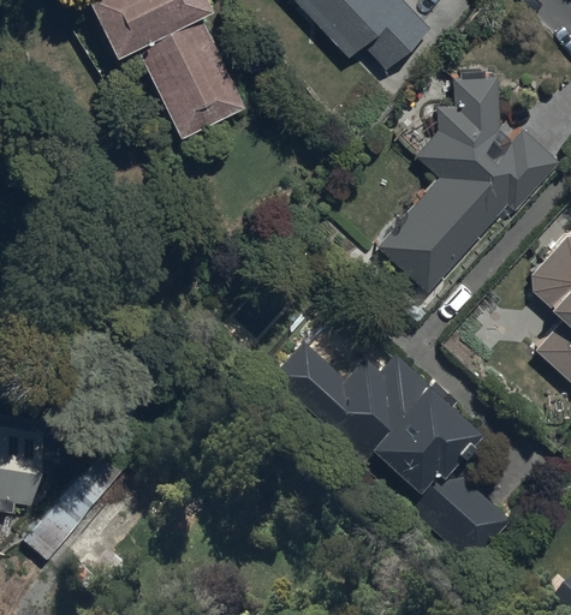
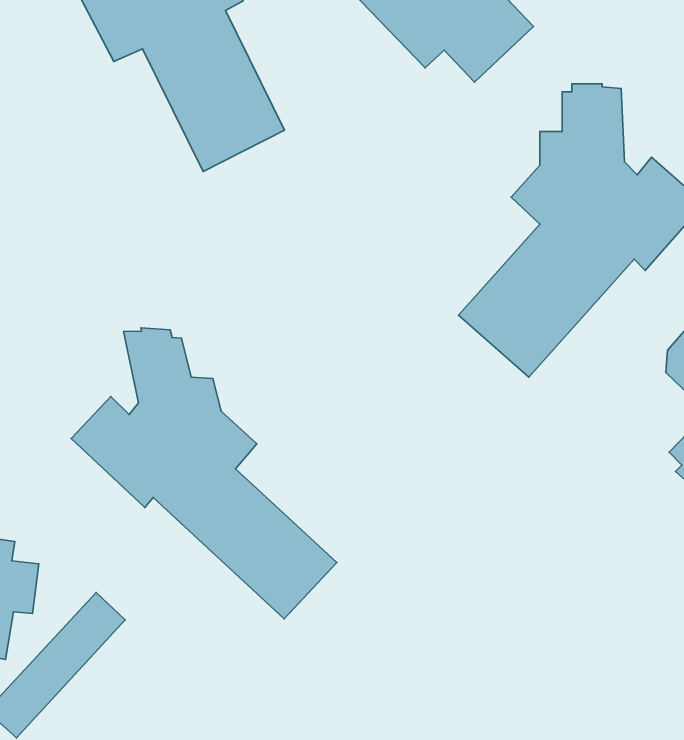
building: none -> [71,328,337,619]
building: [268,335,508,555] -> none

